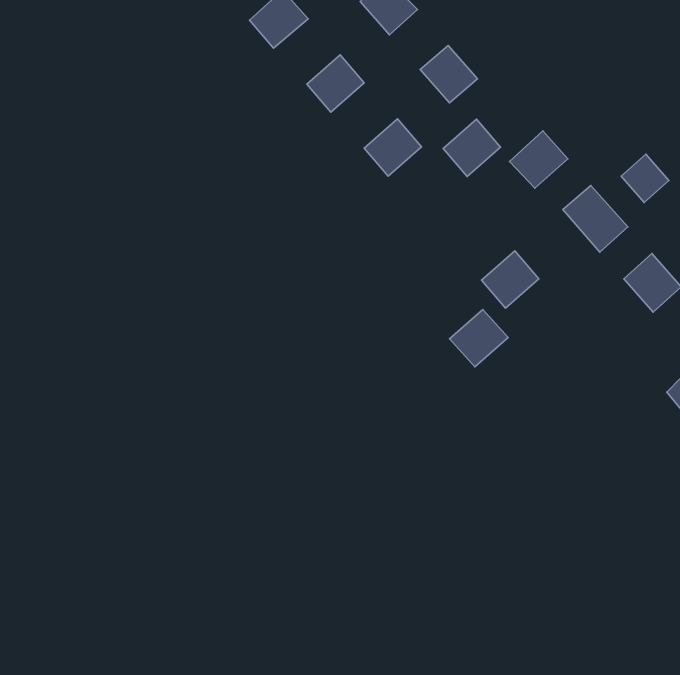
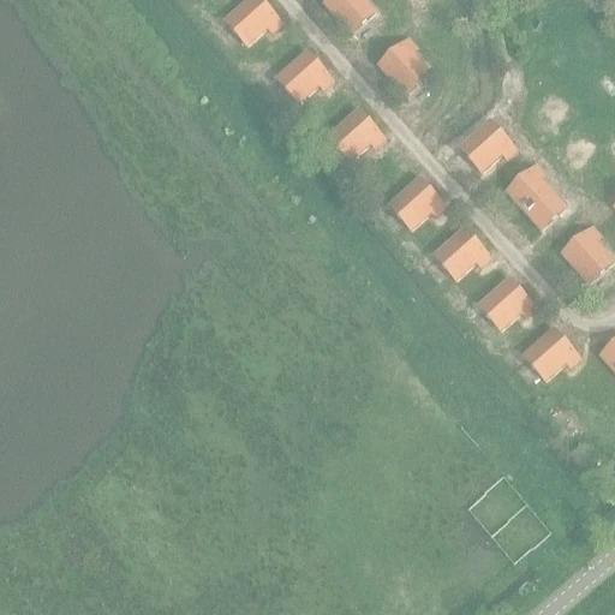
building: [443,119,501,176] -> [390,175,442,227]
building: [621,154,669,202] -> none
building: [449,309,508,367] -> [479,276,532,328]
building: none -> [524,327,577,378]

